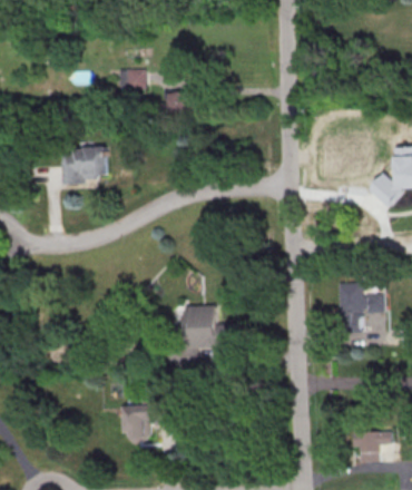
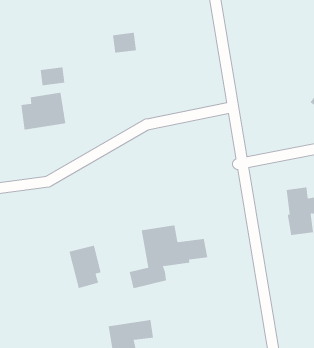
building: [118,69,144,87] -> [40,67,65,86]
building: none -> [69,245,101,289]

